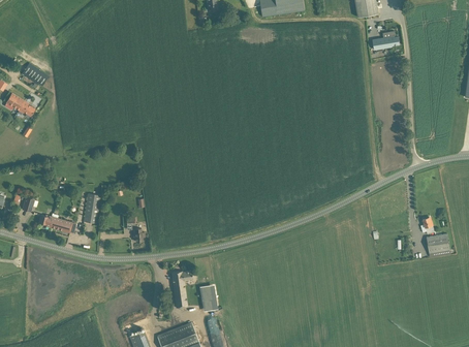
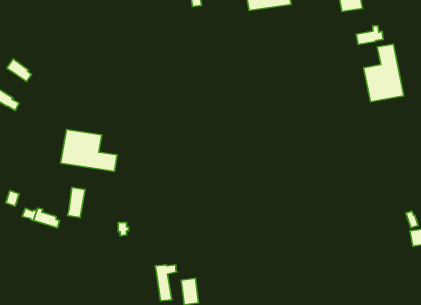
building: none -> [364,44,404,102]
building: none -> [61,129,117,171]

